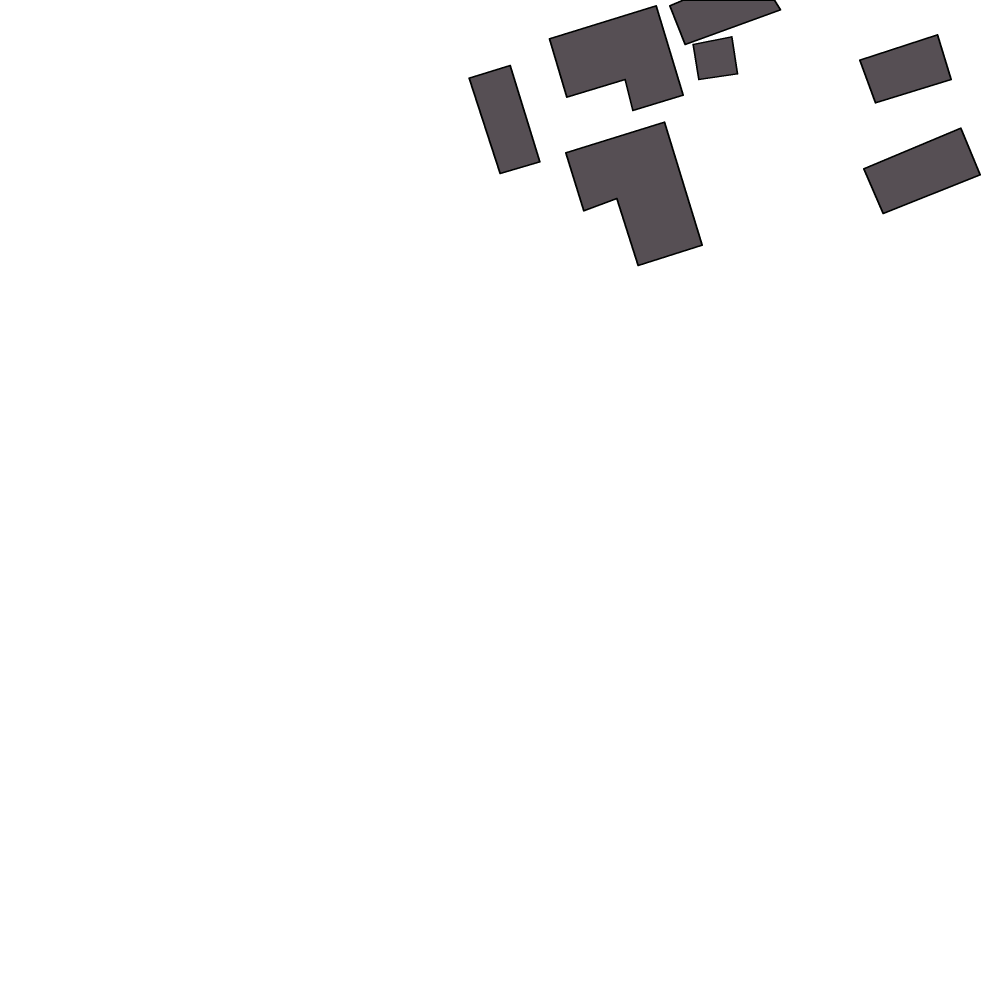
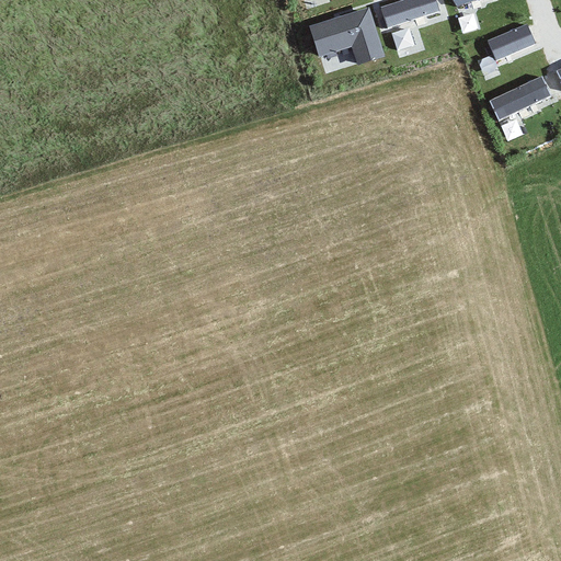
building: [469,66,540,173] -> none
building: [566,122,702,265] -> none

